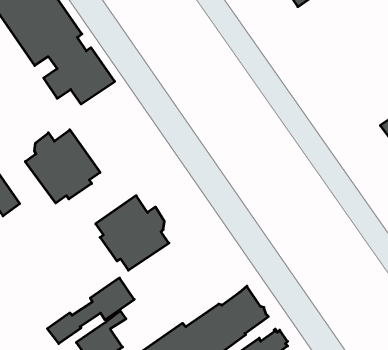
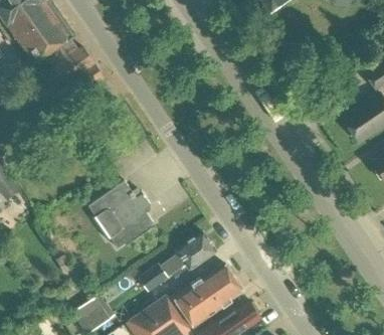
building: [25,130,100,203] -> none
building: [47,278,134,344] -> [138,232,215,291]

